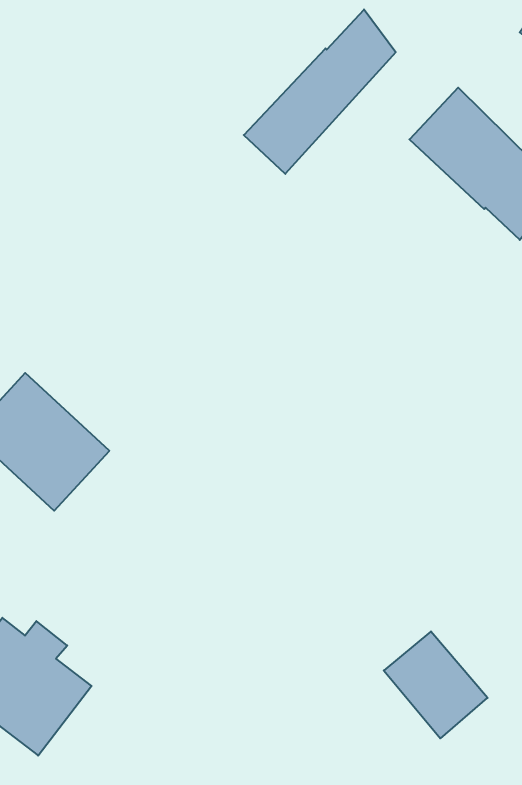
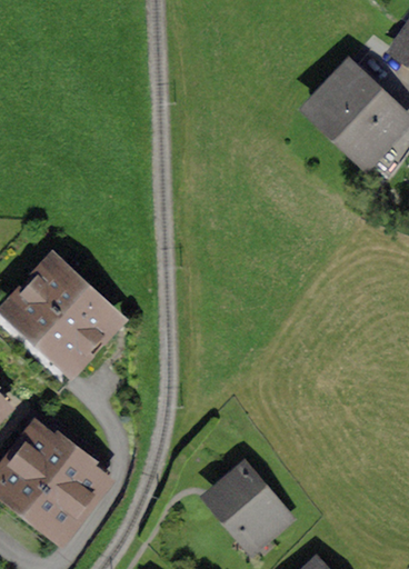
building: [244,9,396,174] -> none
building: [384,631,488,738] -> [211,473,282,547]

